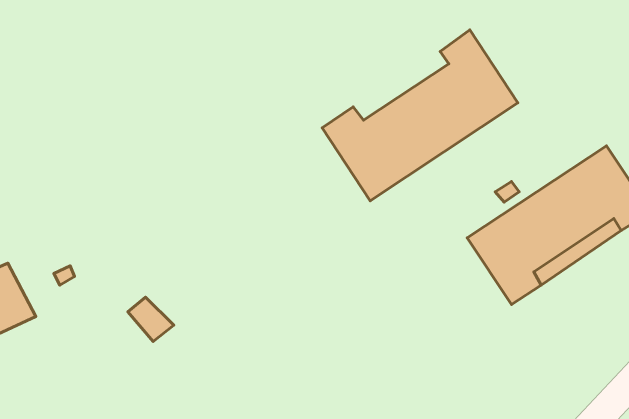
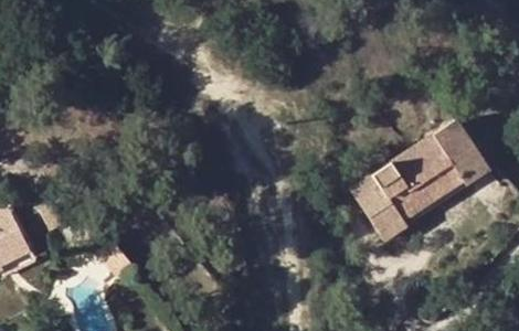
building: [322,30,518,201] -> none

